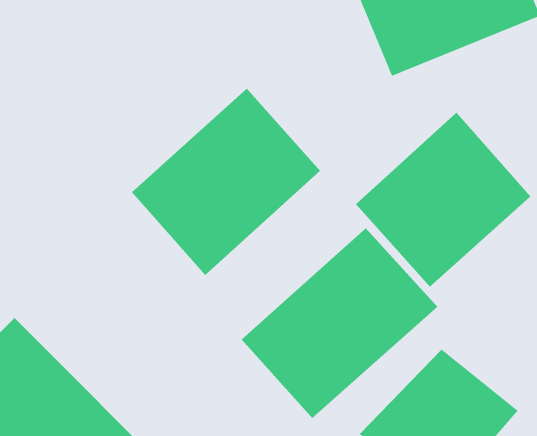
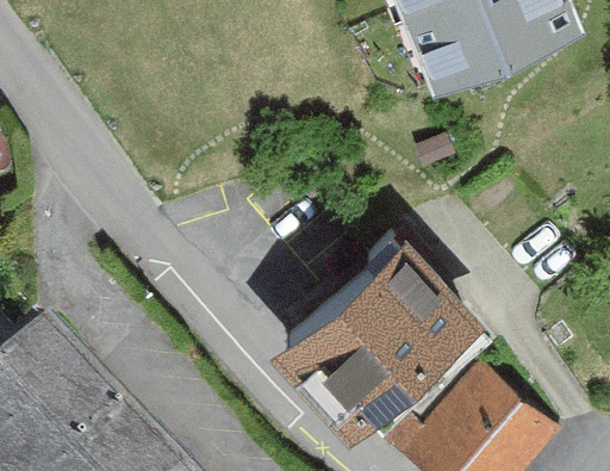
building: [131,88,321,276] -> none
building: [355,112,531,287] -> none

